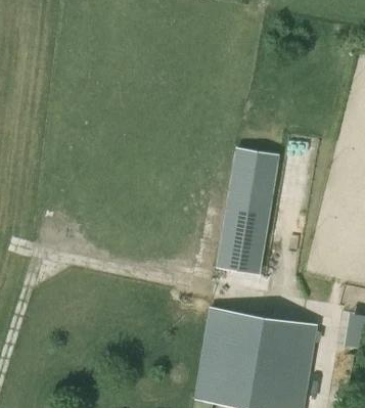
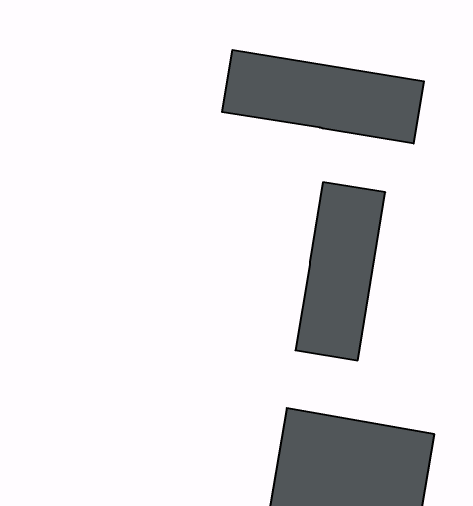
building: none -> [222,50,424,144]

